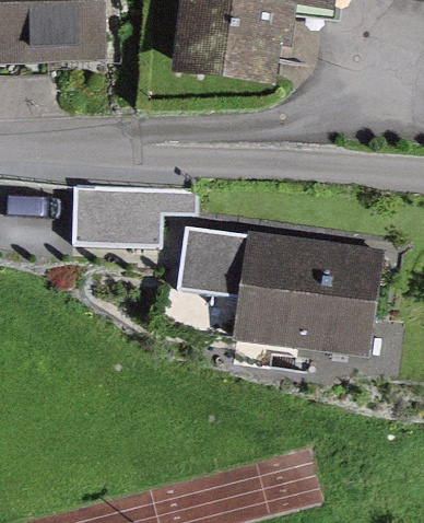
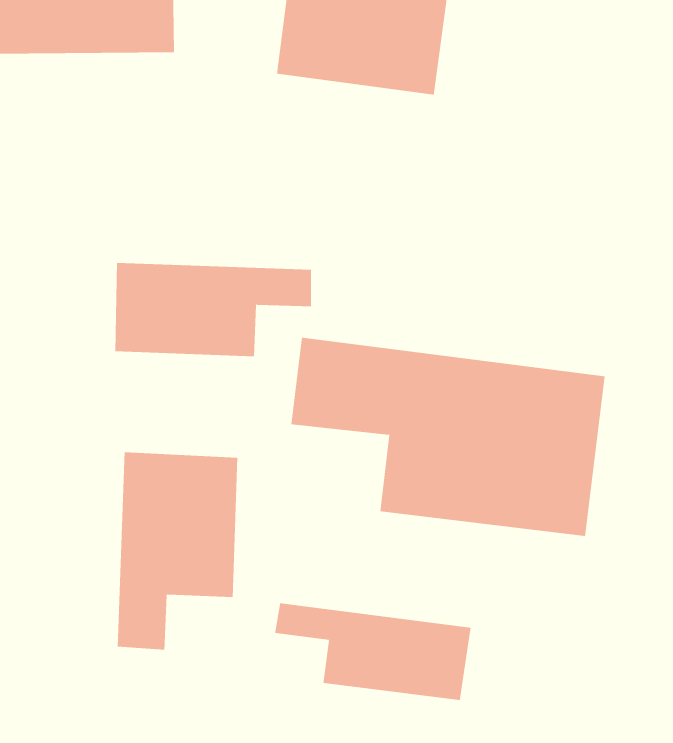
building: none -> [117,451,238,650]
building: none -> [274,603,471,701]

